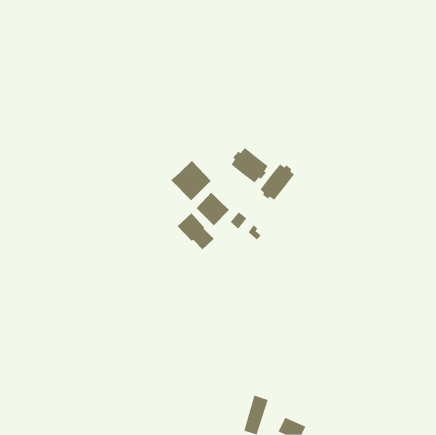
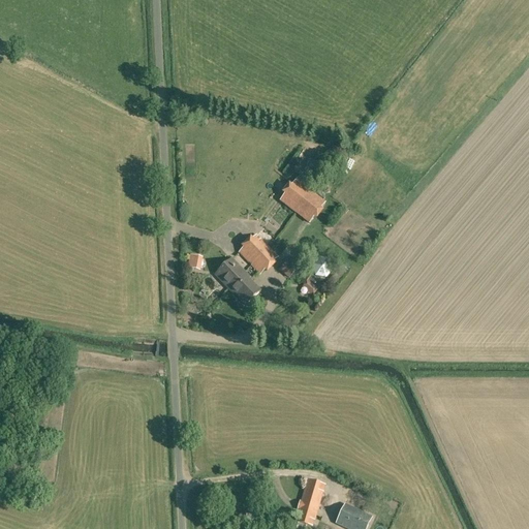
building: [171,160,212,201] -> none
building: [260,164,295,201] -> none

